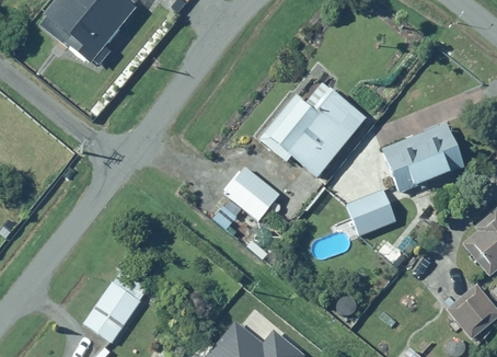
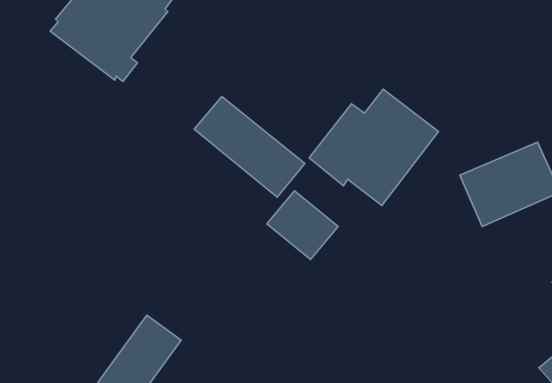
building: none -> [194,97,305,197]
building: [347,189,396,235] -> none

